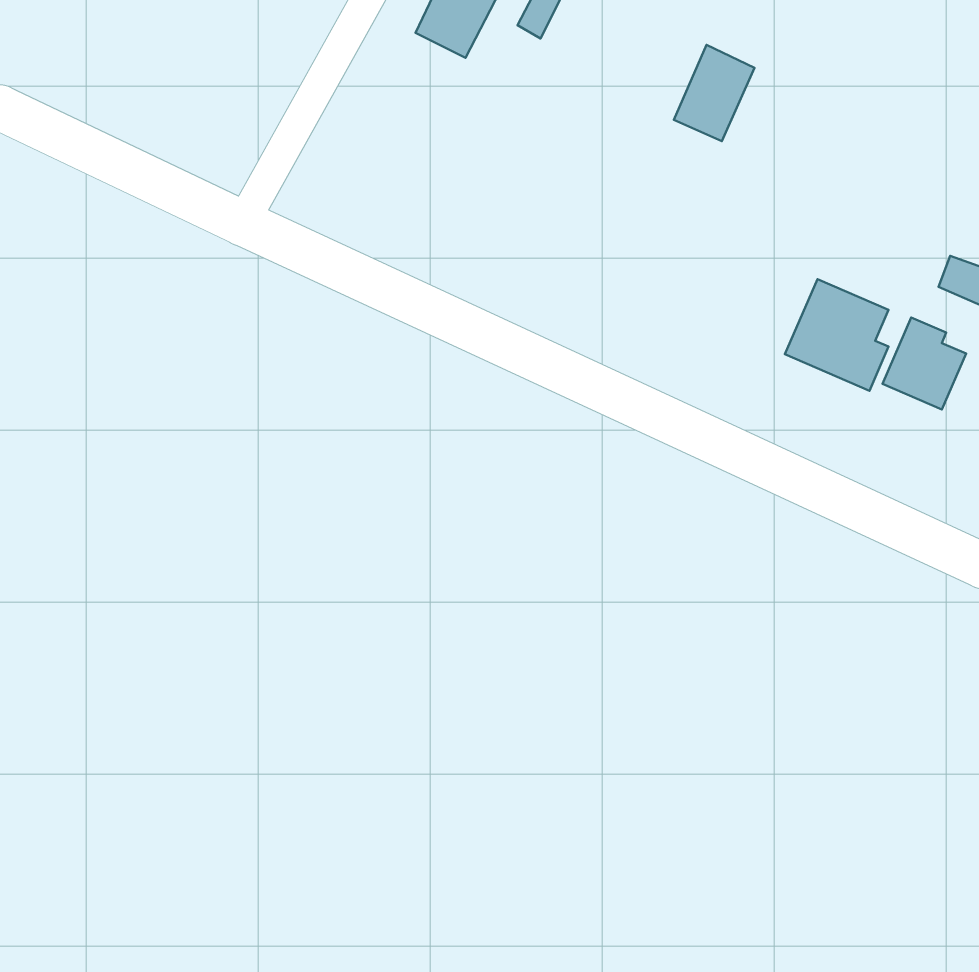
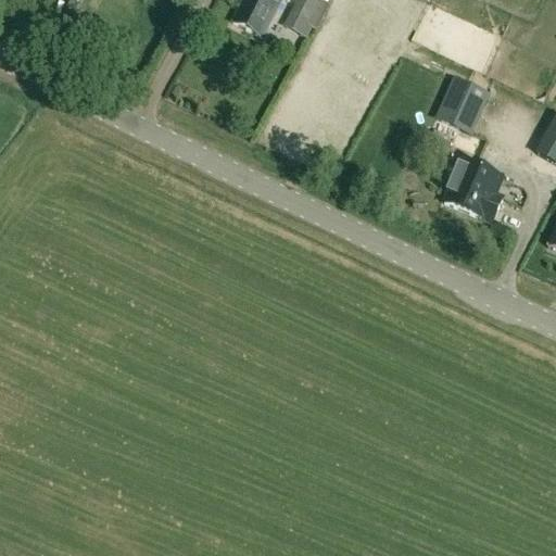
building: [674,45,755,141] -> [441,77,486,131]
building: [882,317,966,409] -> none

